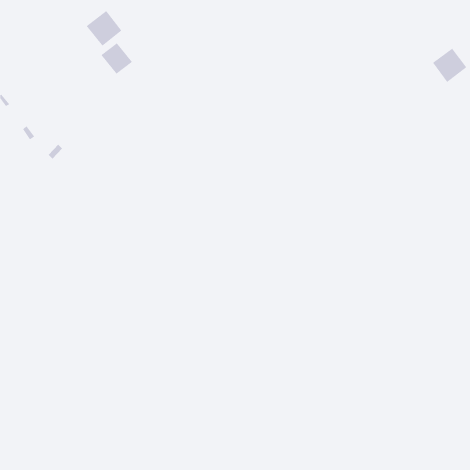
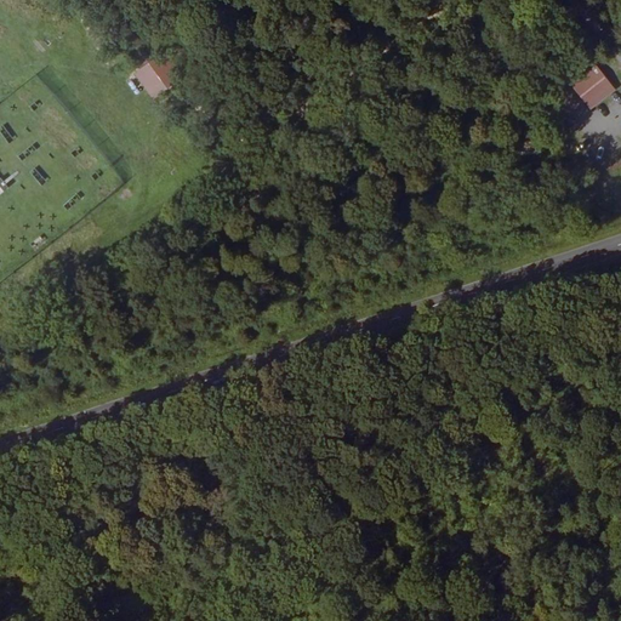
building: [86,10,122,47] -> none

